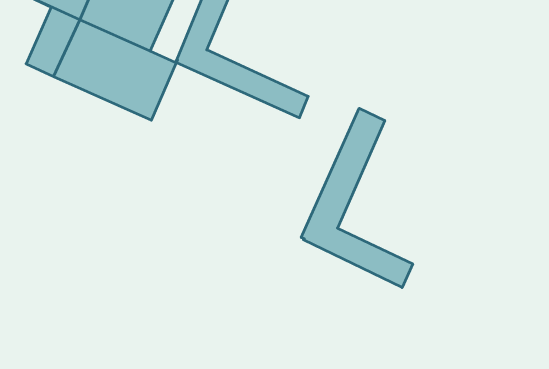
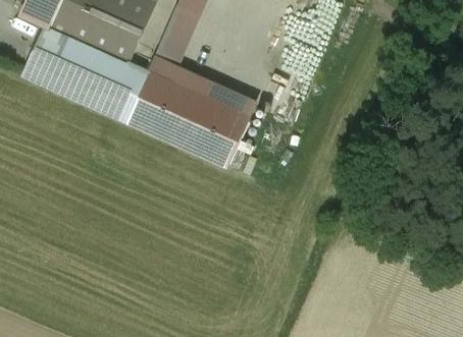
building: none -> [127,73,248,165]
building: [301,108,413,288] -> none

